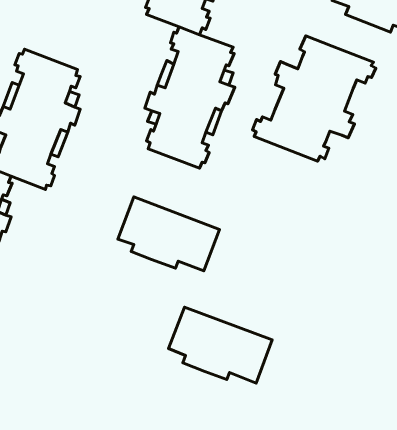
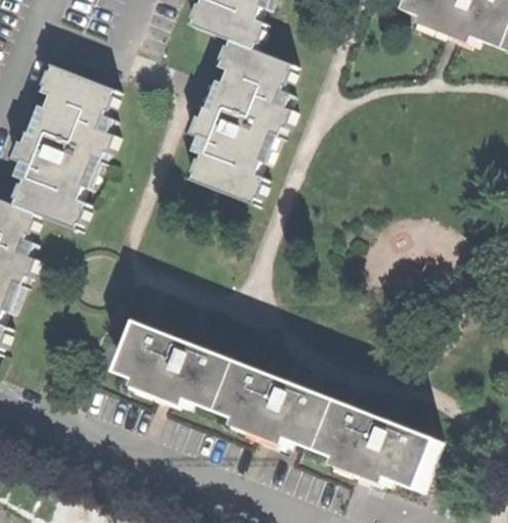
building: [252,36,376,161] -> none
building: [118,197,220,271] -> [116,324,233,410]
building: none -> [316,399,434,487]

